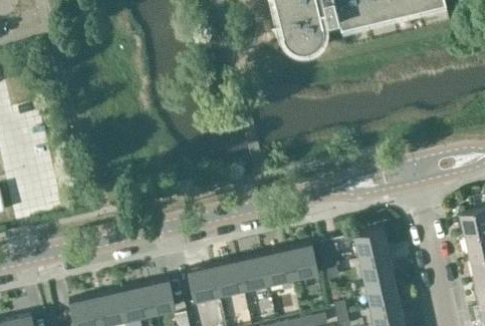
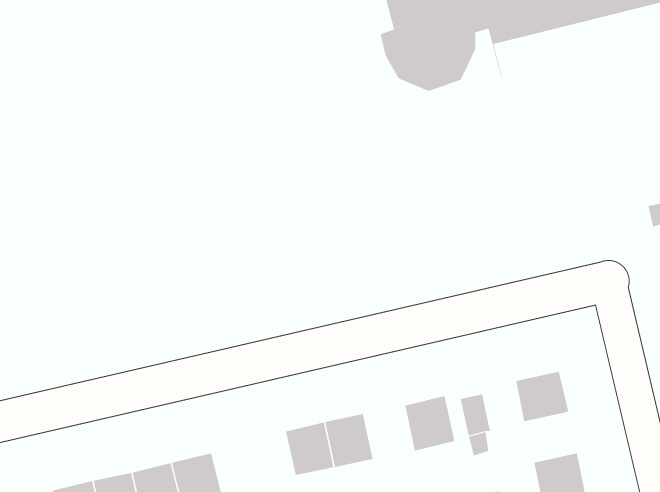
building: [261,251,292,284] -> none
building: [359,255,393,286] -> none
building: [188,267,219,300] -> none

